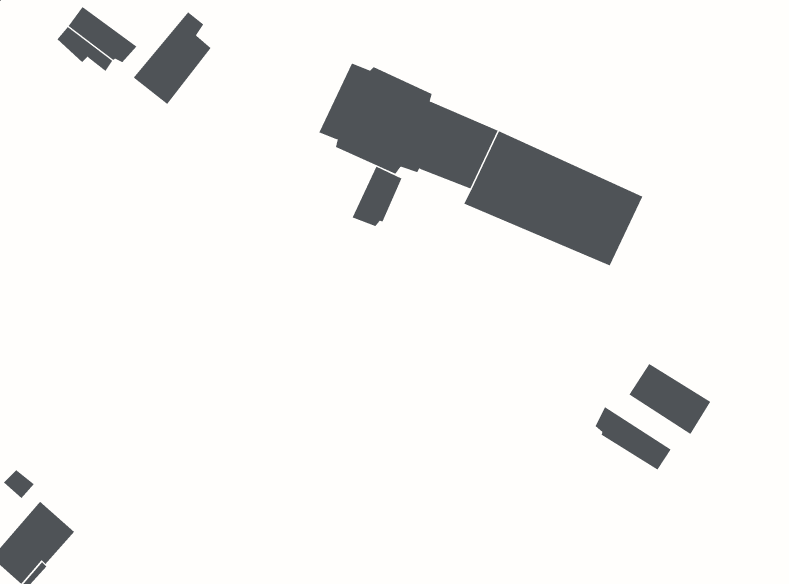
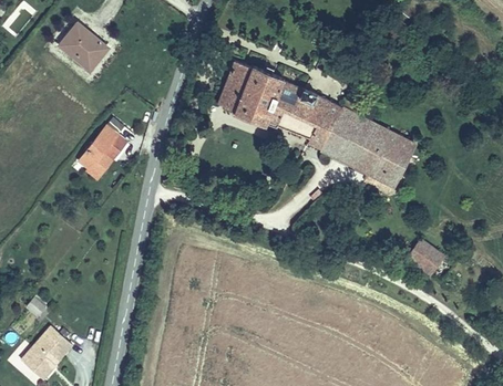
building: [133,12,212,105] -> [80,119,127,176]
building: [352,166,402,227] -> none
building: [595,406,671,471] -> none

